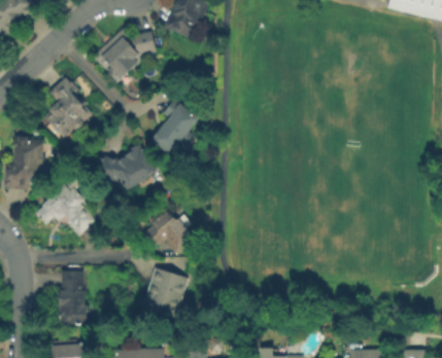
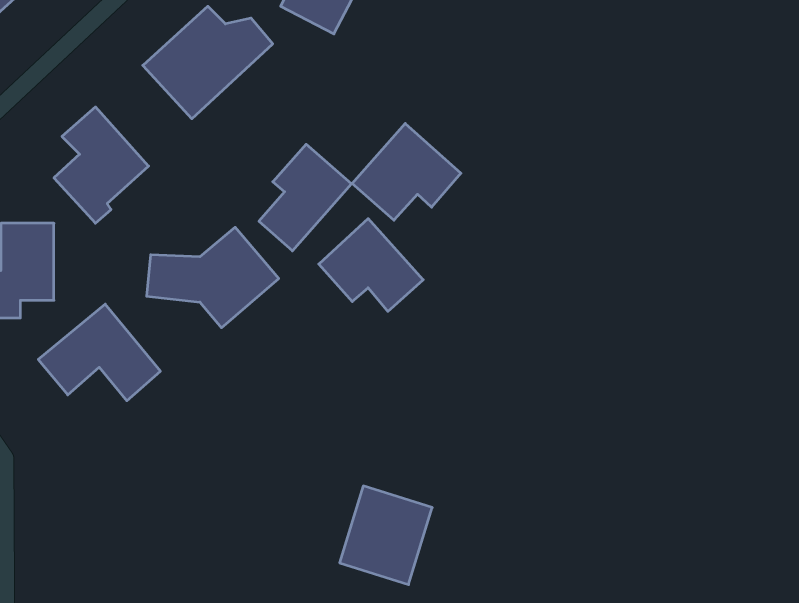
building: none -> [352,123,461,220]
building: [140,207,195,255] -> [319,219,423,311]
building: [141,267,190,319] -> [340,486,432,585]
building: [59,272,87,325] -> none

